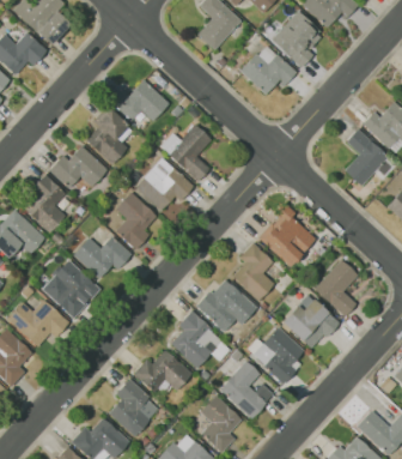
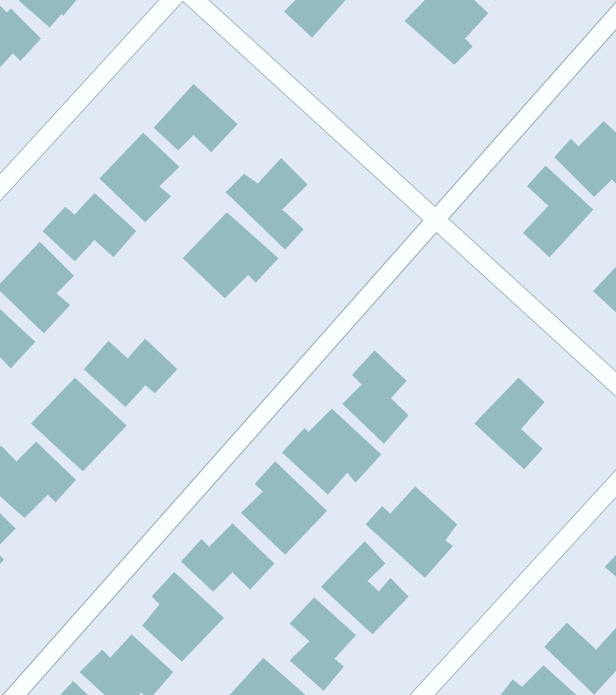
building: [240,43,297,95] -> none
building: [114,192,157,249] -> none
building: [257,205,315,266] -> none
building: [281,298,339,350] -> none

